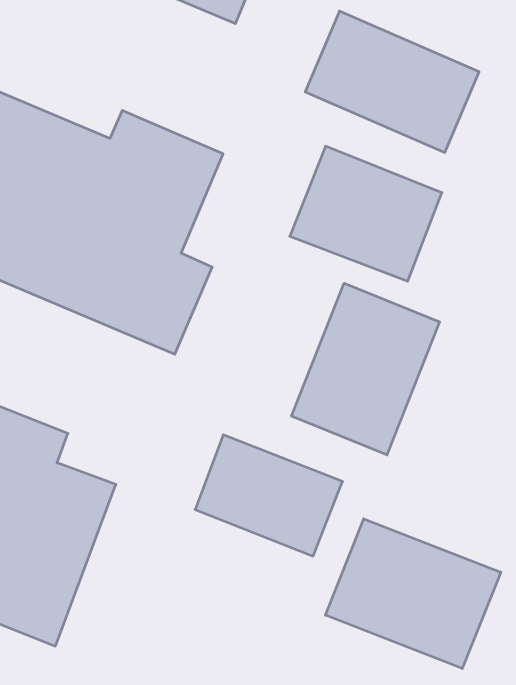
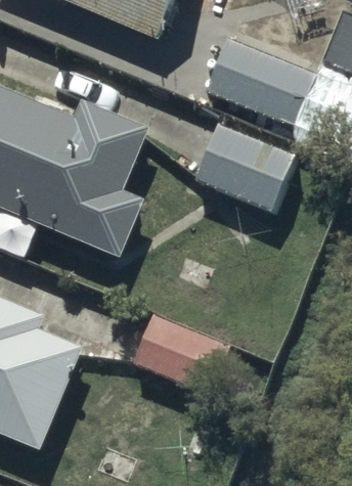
building: [292,283,440,455] -> none
building: [325,519,501,669] -> none

